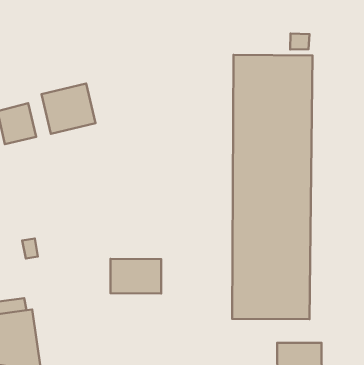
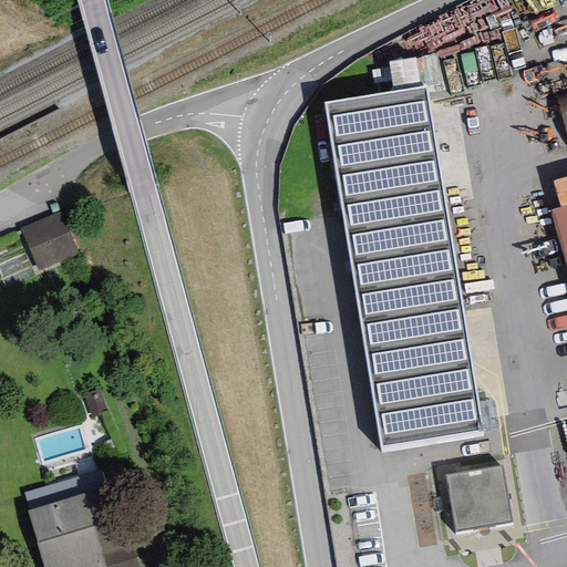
building: [42,84,95,134] -> none
building: [110,259,161,293] -> none

